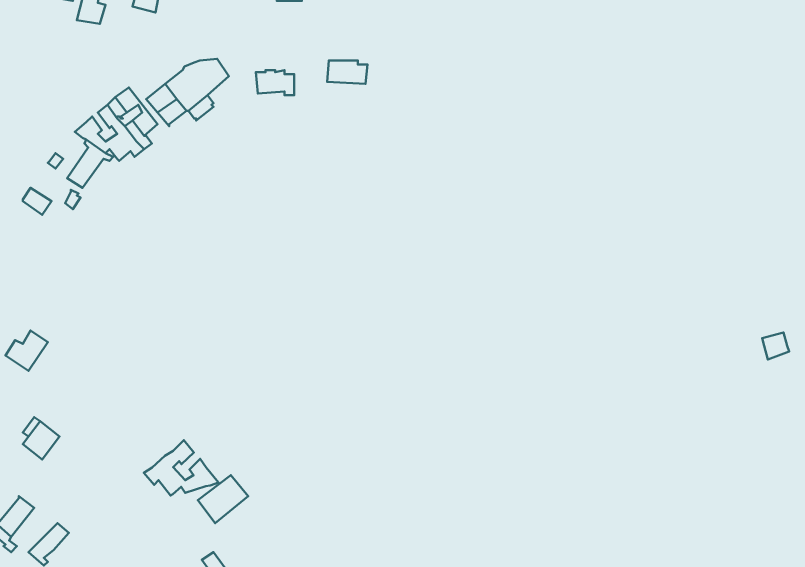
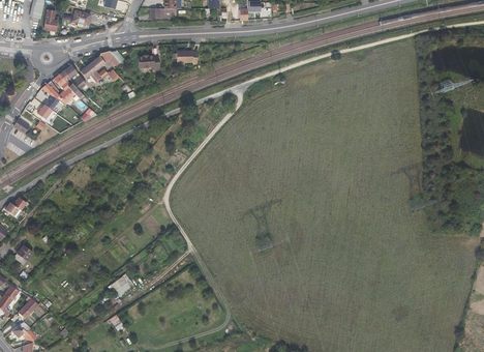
building: [144,440,218,495] -> none

